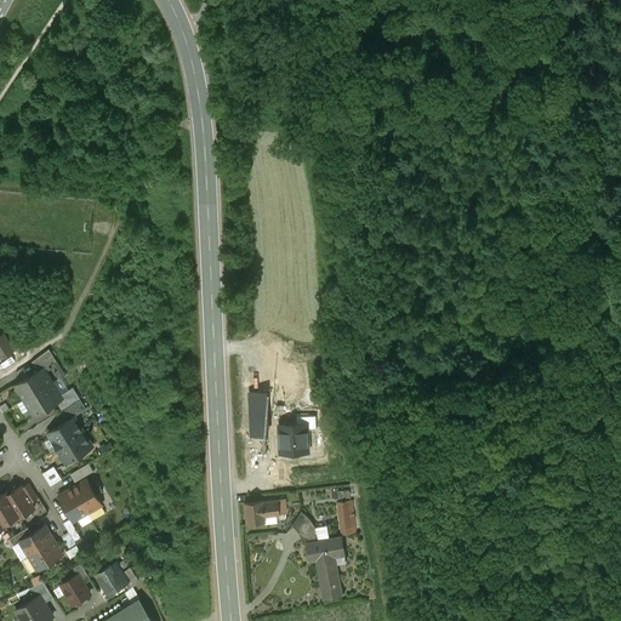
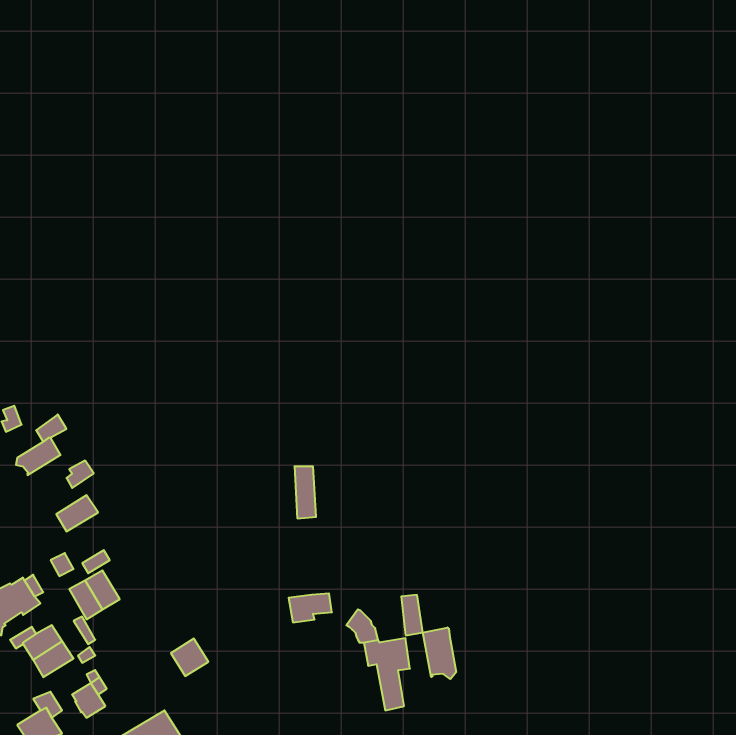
building: [23,384,61,417] -> none
building: [278,426,307,454] -> none
building: [56,433,91,465] -> none
building: none -> [423,627,456,679]
building: [95,564,126,596] -> [171,639,208,676]

